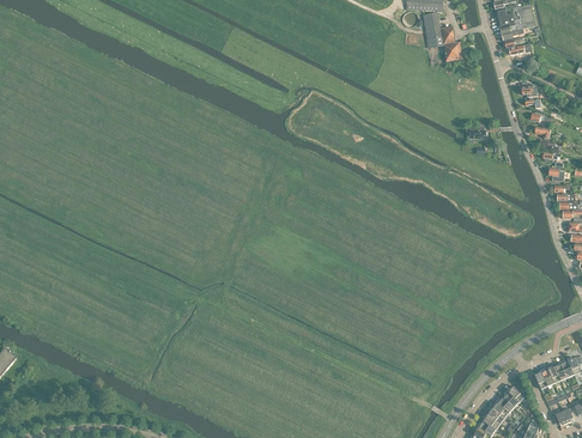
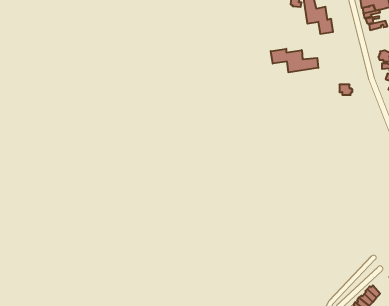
building: none -> [271,49,318,72]

